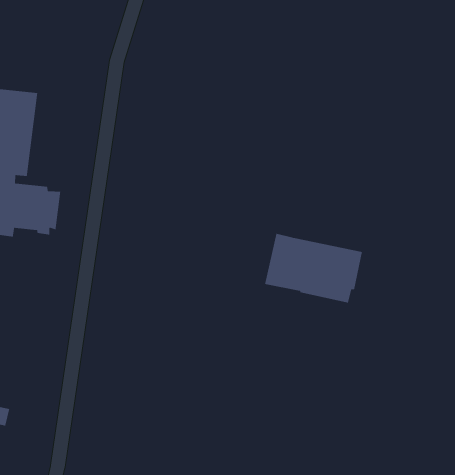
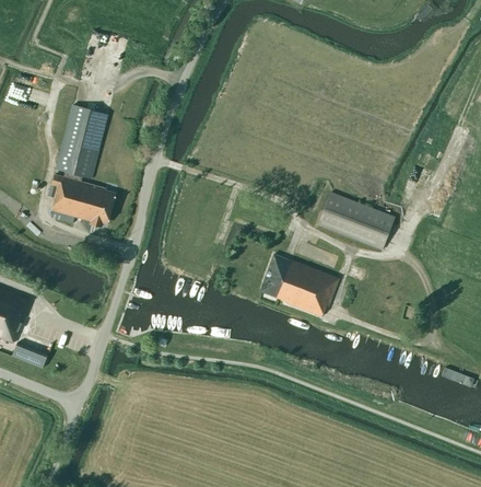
building: none -> [318,193,395,250]

